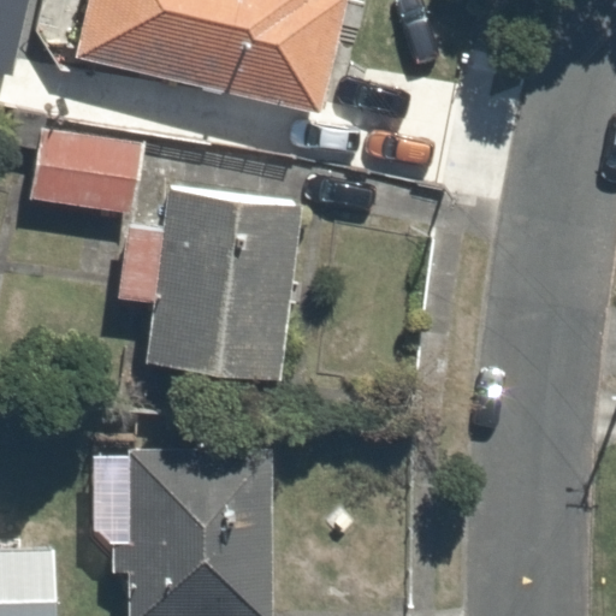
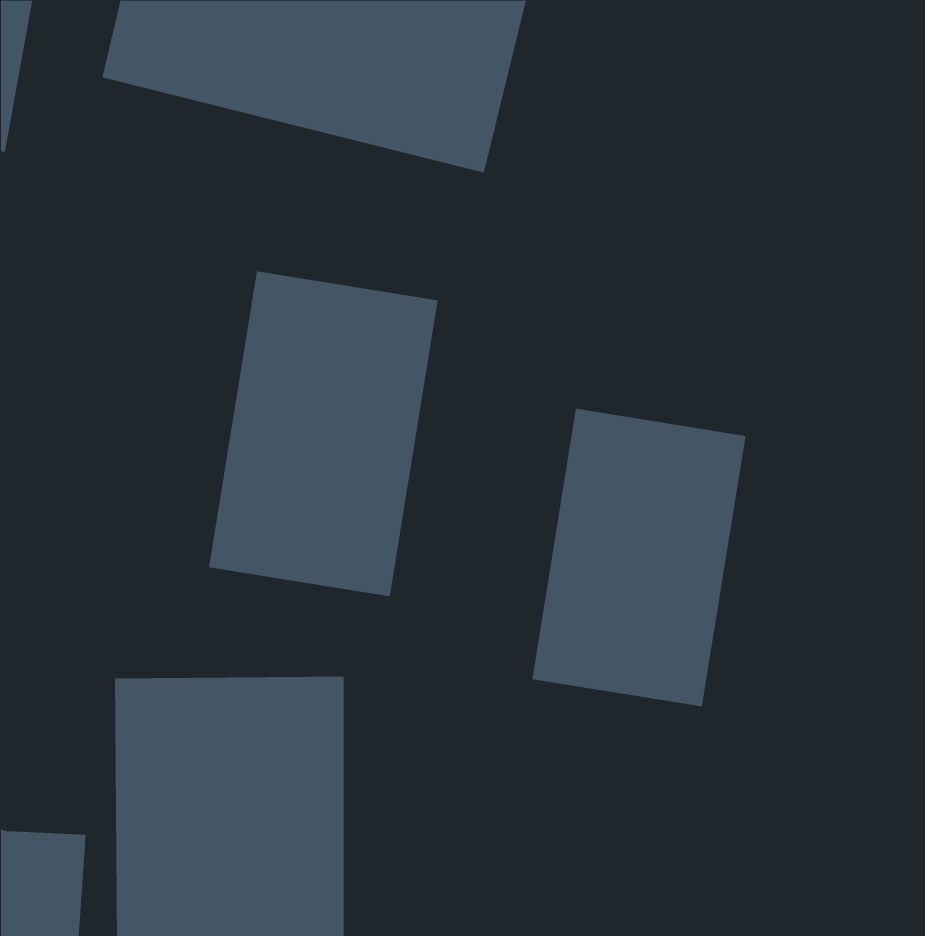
building: [20,111,142,201] -> none
building: none -> [532,408,746,707]

